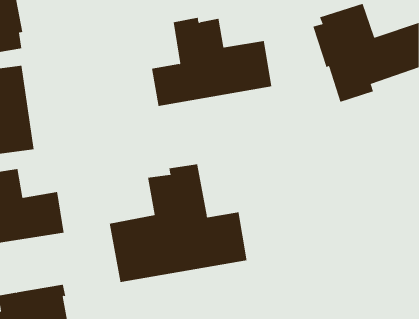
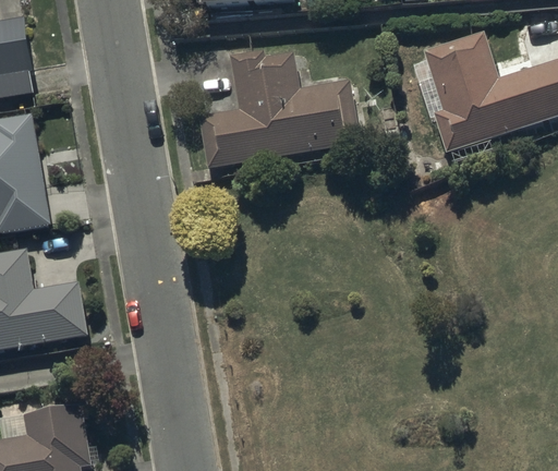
building: [109,163,247,283] -> none

